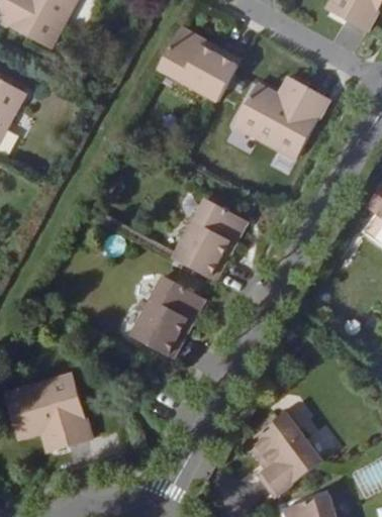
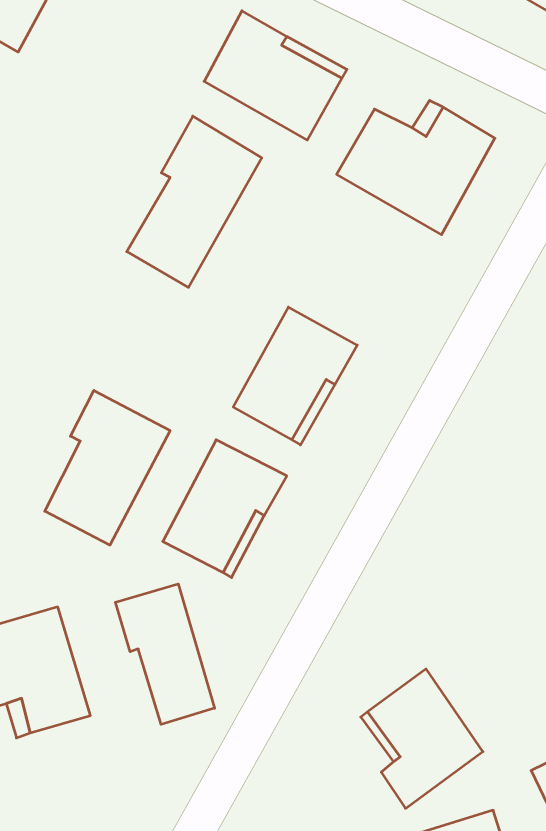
building: none -> [127,116,262,287]
building: none -> [45,390,170,545]
building: none -> [115,584,215,724]

